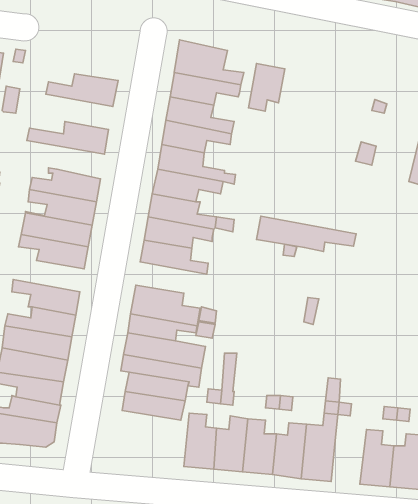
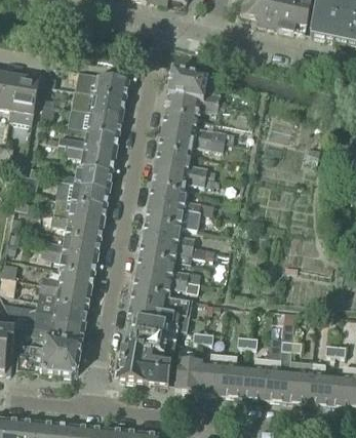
building: none -> [75,70,129,98]
building: [248,63,285,111] -> none
building: none -> [70,109,121,135]
building: none -> [55,144,115,172]
building: [257,216,356,252] -> [139,235,213,262]
building: none -> [46,234,100,257]
building: none -> [116,346,172,384]
building: none -> [285,360,312,402]

